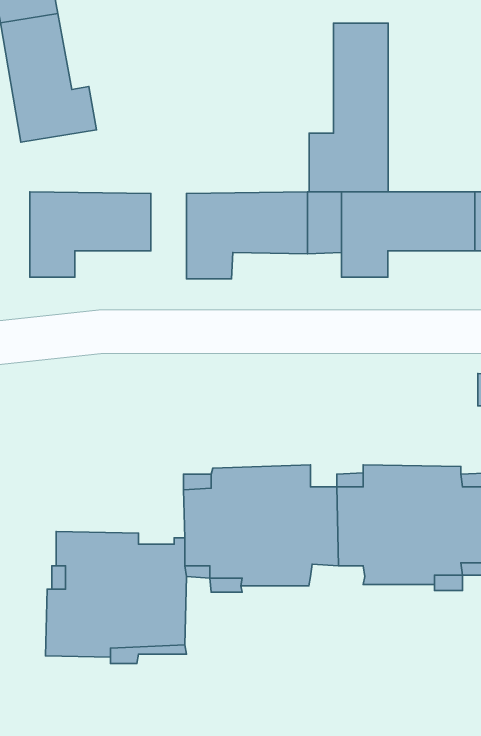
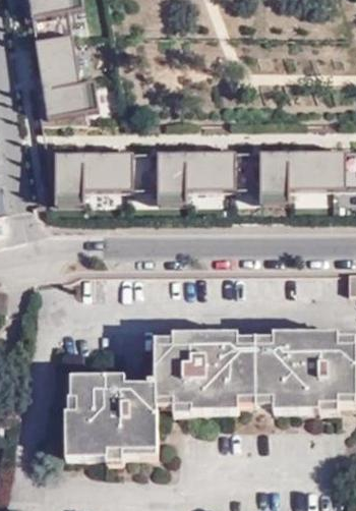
building: [309,23,388,192] -> none
building: none -> [132,152,156,189]

